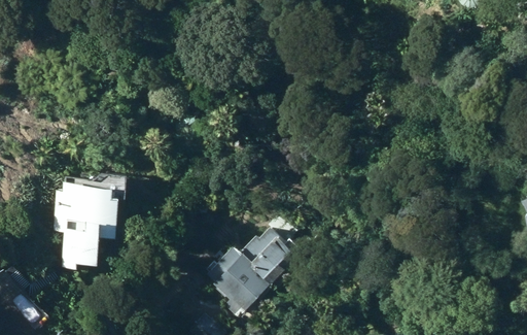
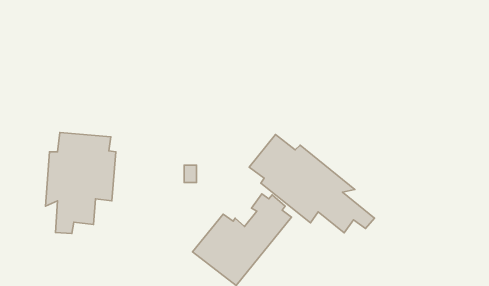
building: none -> [249,134,374,233]

